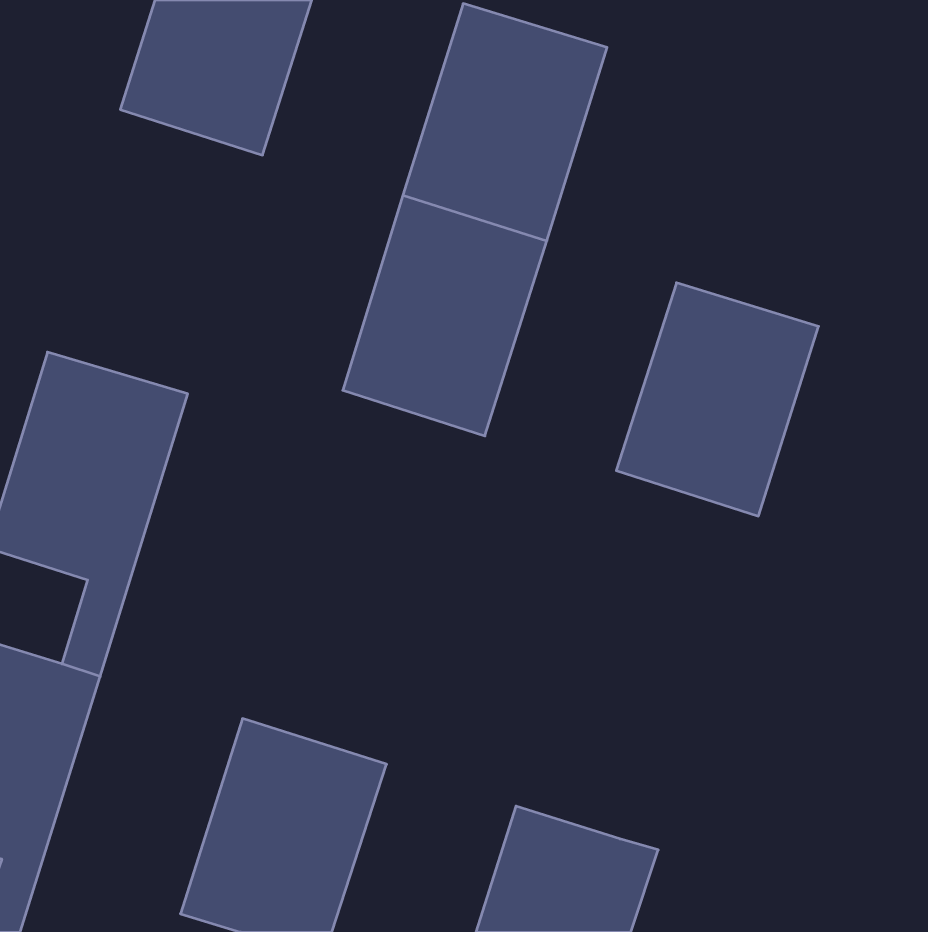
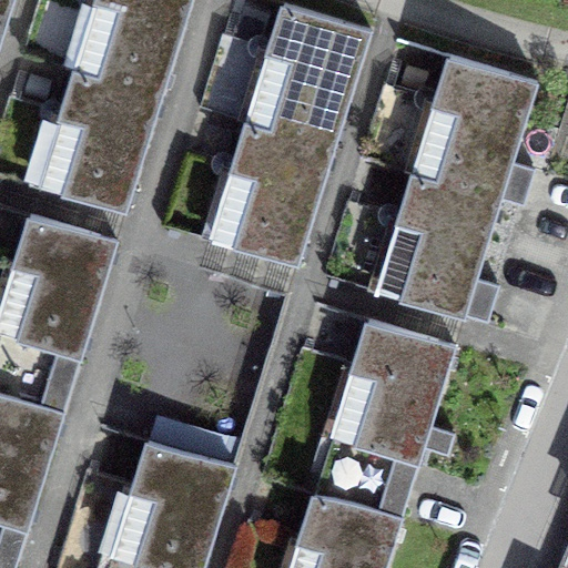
building: none -> [412,54,535,199]
building: none -> [37,67,160,212]
building: none -> [328,318,455,517]

